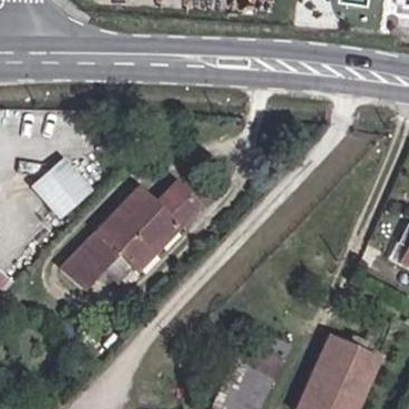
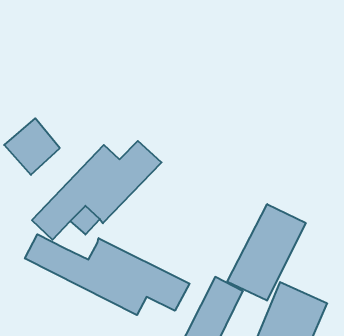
building: none -> [227,204,306,301]
building: none -> [25,234,190,315]

